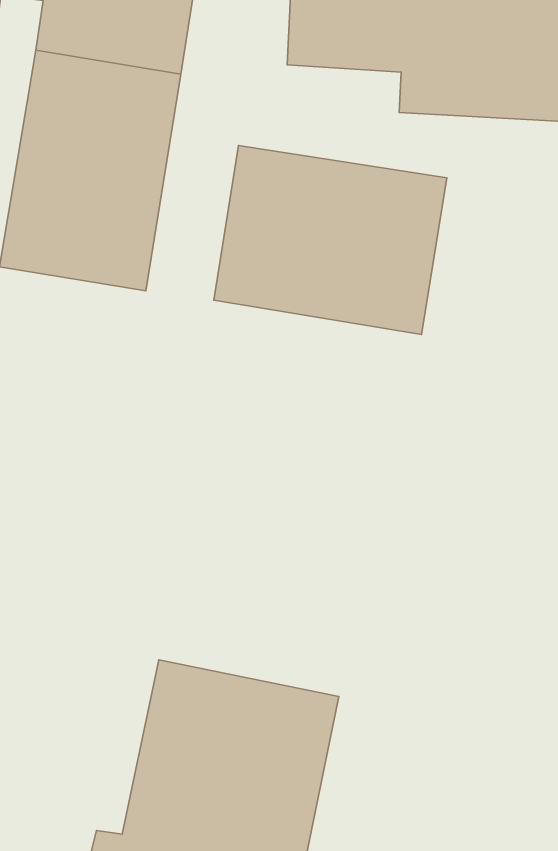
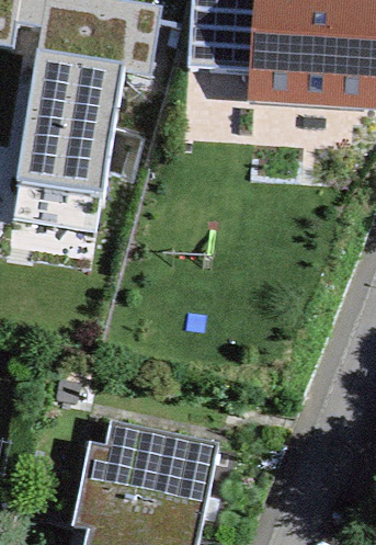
building: [214,146,447,334] -> none

